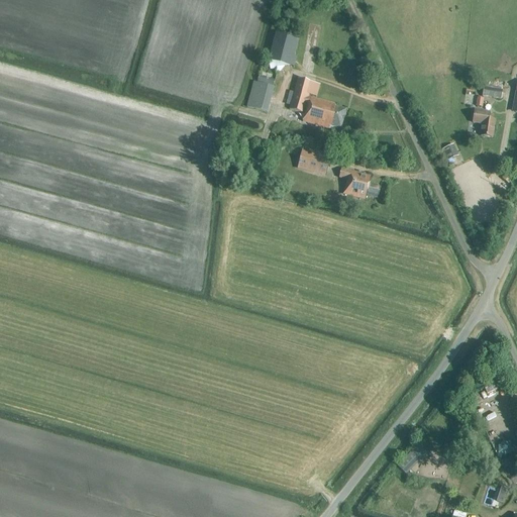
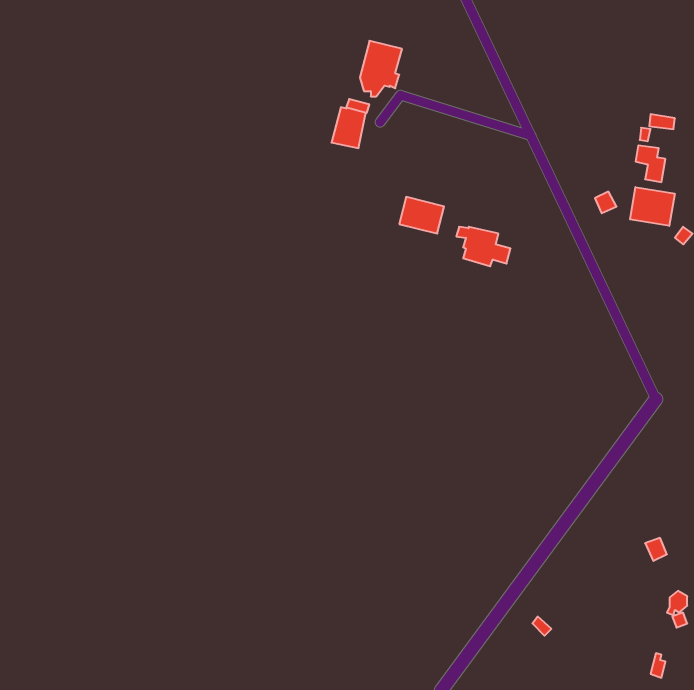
building: [286,76,345,127] -> none
building: none -> [630,187,675,226]

